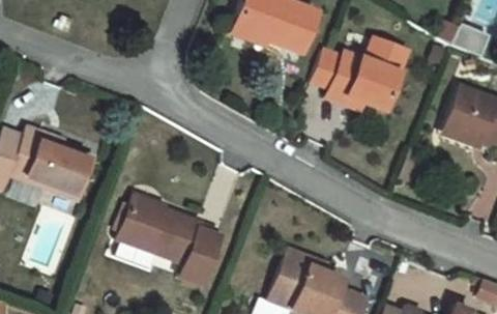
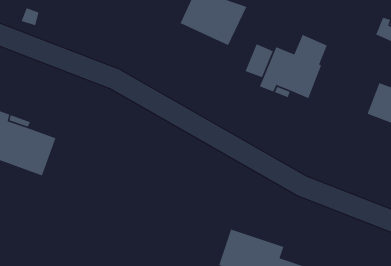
building: [125,198,217,282] -> none

